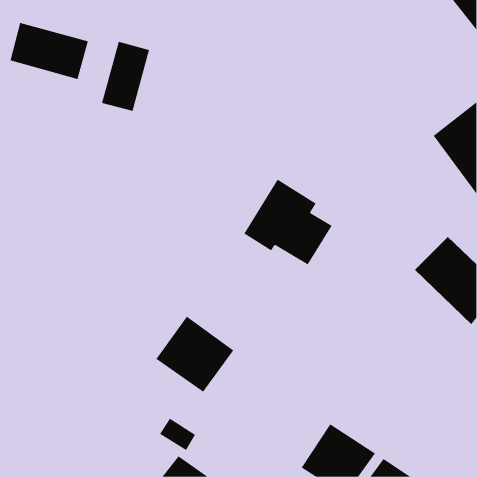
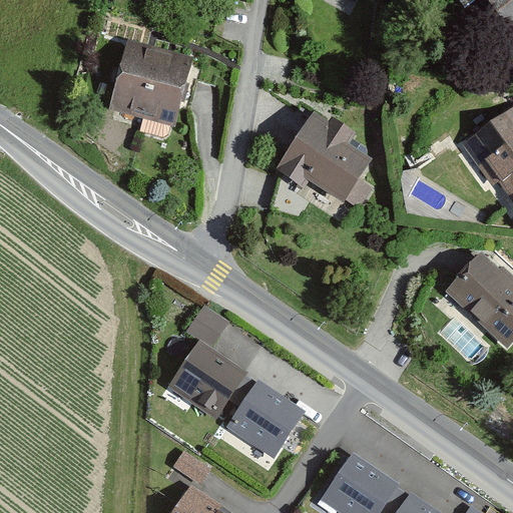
building: [10,22,89,80] -> none
building: none -> [142,53,194,128]
building: [243,179,332,265] -> [277,112,372,204]
building: none -> [227,380,308,459]

